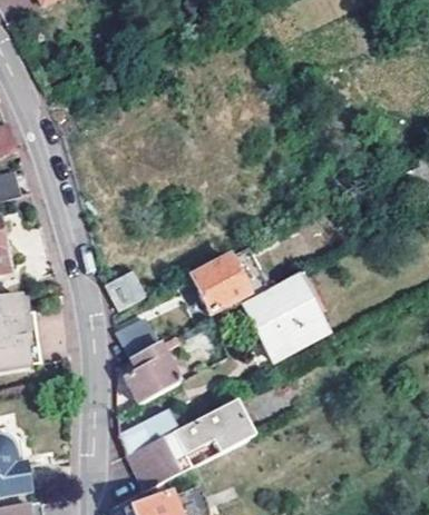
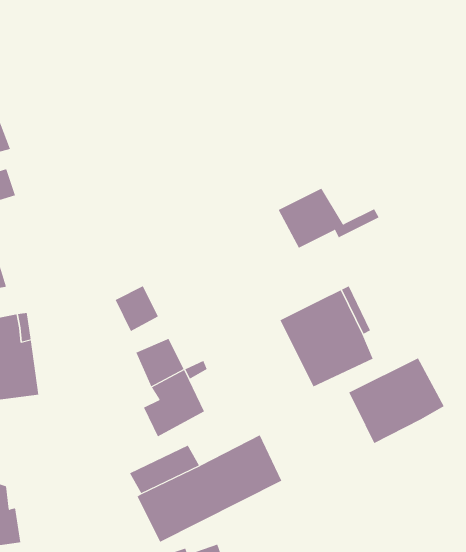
building: [193,258,281,310] -> [278,188,380,248]
building: none -> [348,357,445,444]

